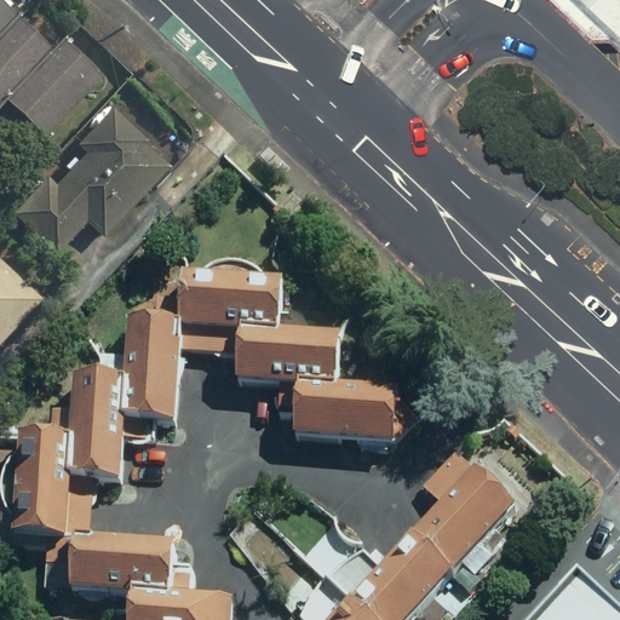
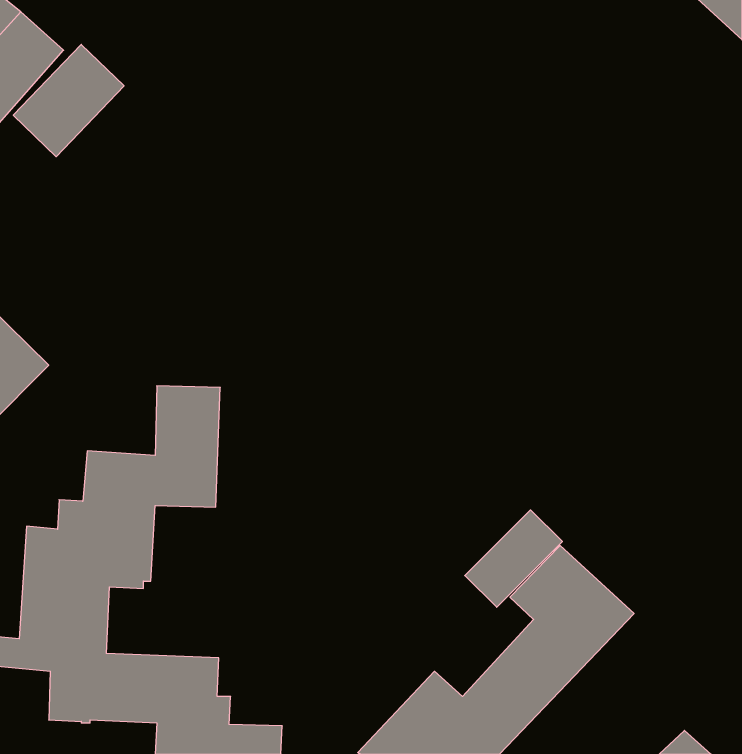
building: [6,104,168,252] -> none
building: [182,272,402,442] -> none
building: none -> [465,510,562,607]

